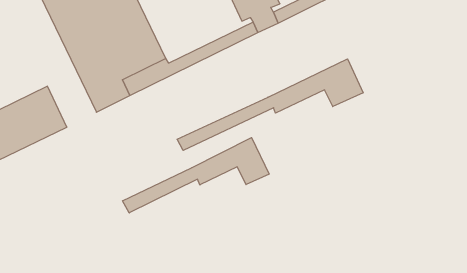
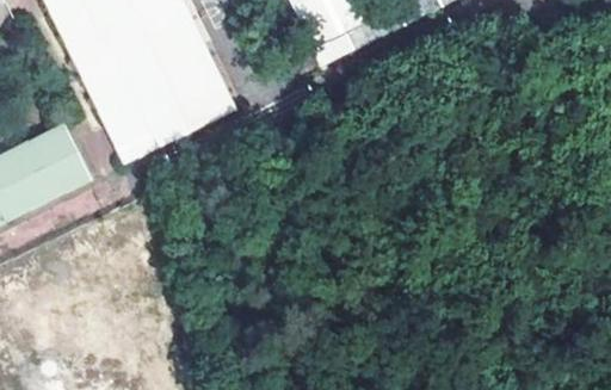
building: [177,59,363,150] -> none
building: [123,138,269,213] -> none

